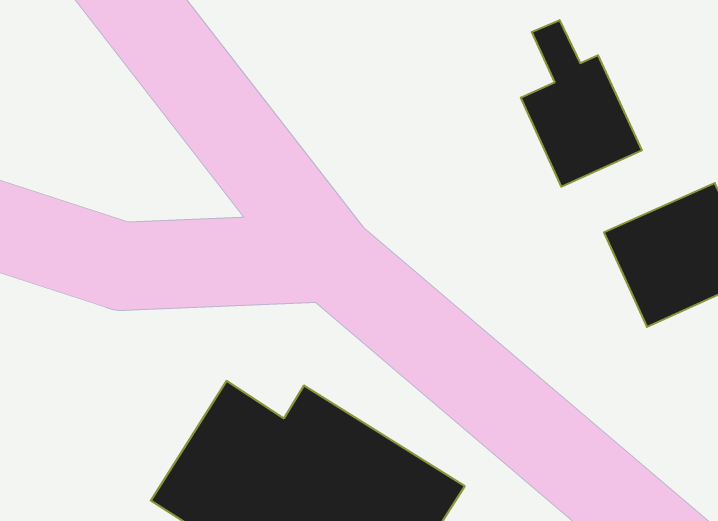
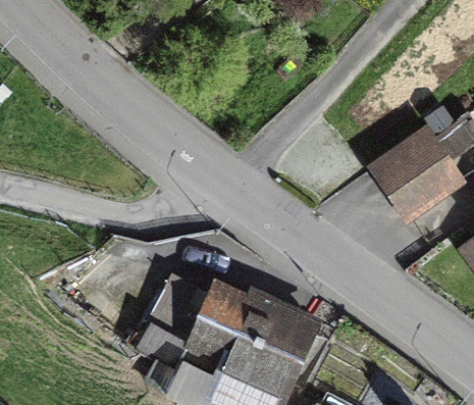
building: [521,20,642,187] -> none

